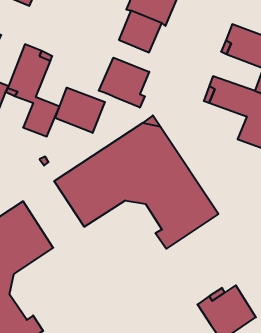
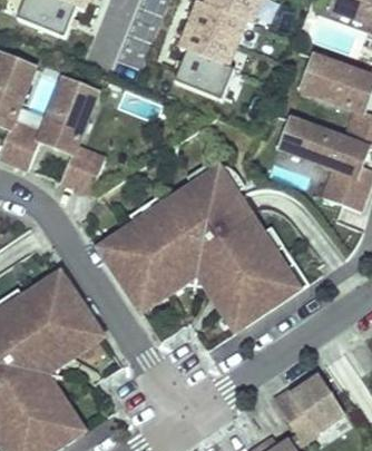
building: [99,58,149,108] -> none
building: [55,88,105,133] -> none
building: none -> [134,271,228,312]
building: none -> [42,329,102,416]

